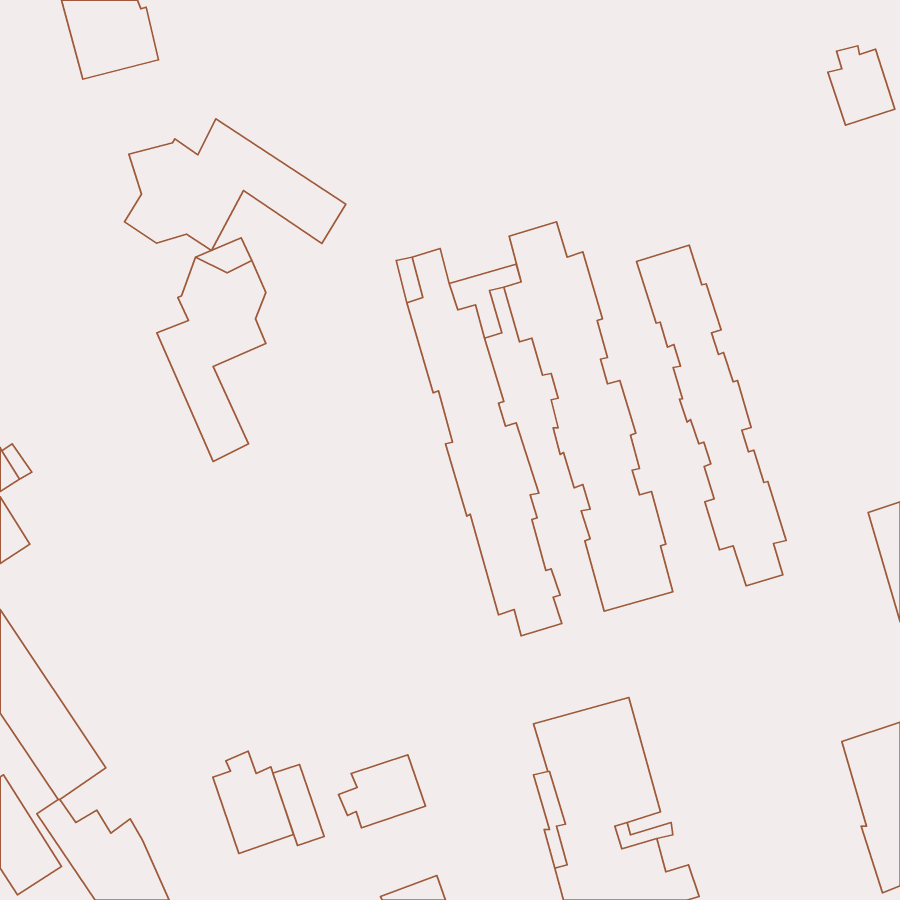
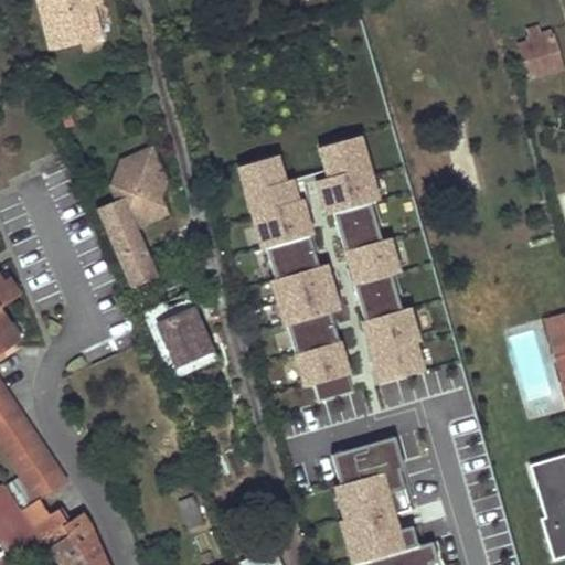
building: [125,119,346,250] -> none
building: [636,245,786,586] -> none
building: none -> [145,298,214,377]
building: [213,751,293,853] -> none
building: [338,755,425,828] -> none

